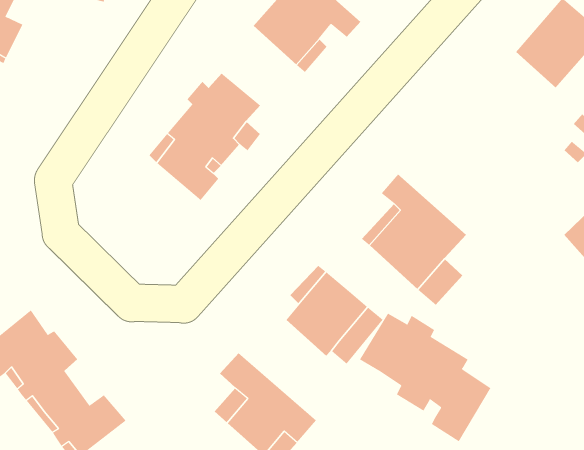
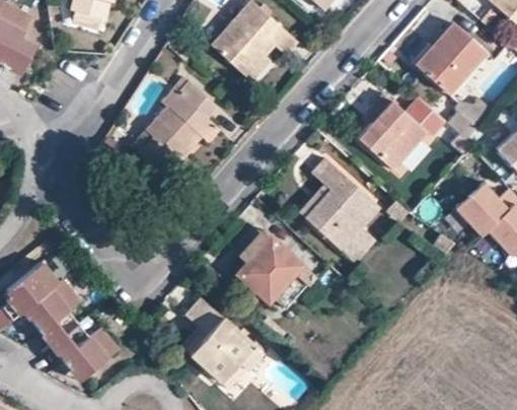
building: none -> [359,91,445,167]
building: [359,313,491,442] -> none

